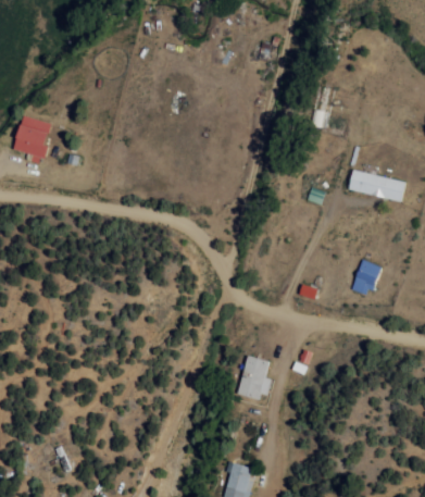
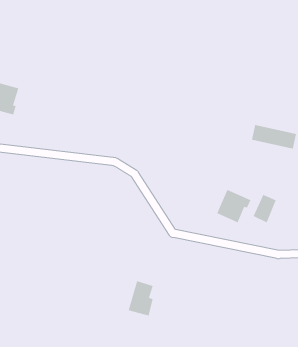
building: none -> [216,189,251,223]
building: [237,355,270,400] -> [128,281,153,316]

